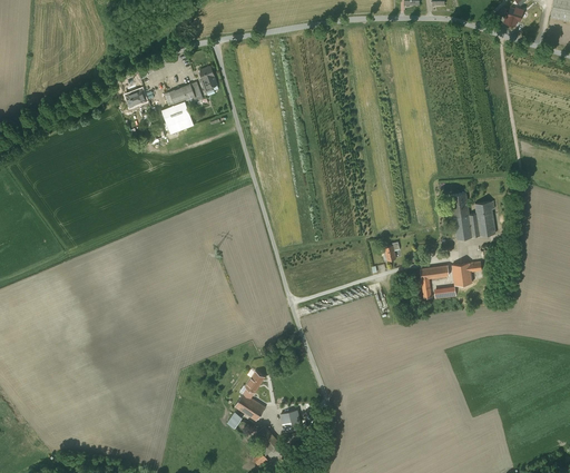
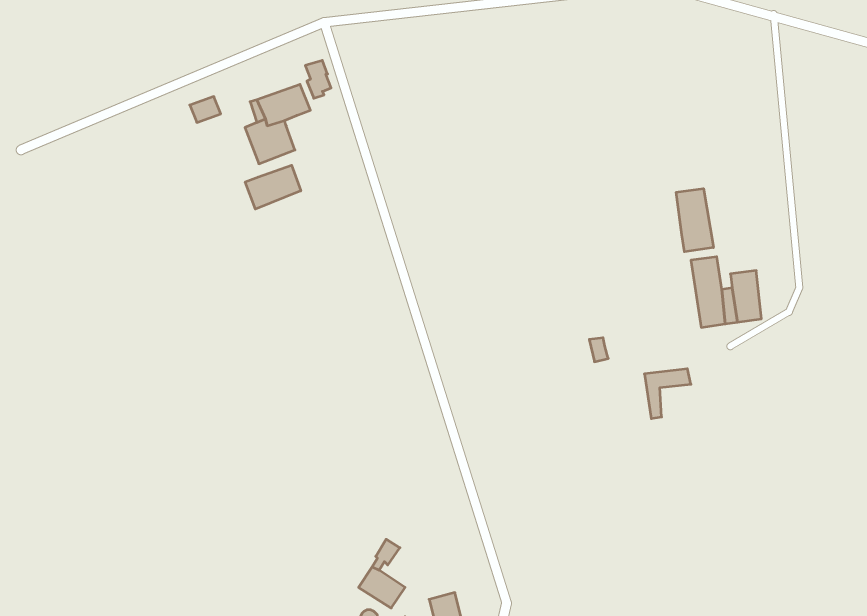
building: none -> [245,165,301,209]
building: none -> [676,189,713,252]
building: [452,262,482,286] -> none

